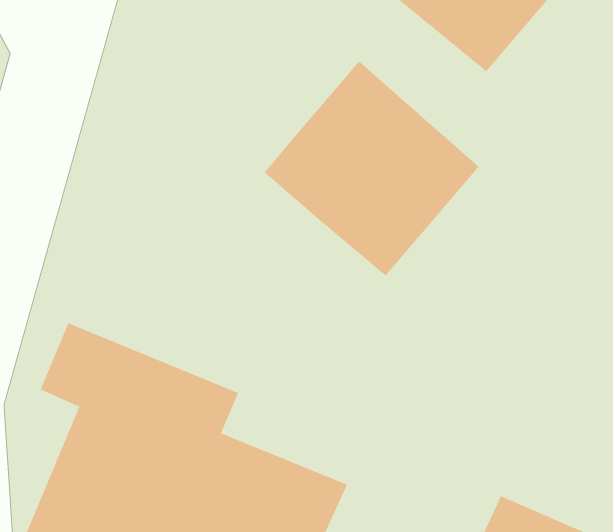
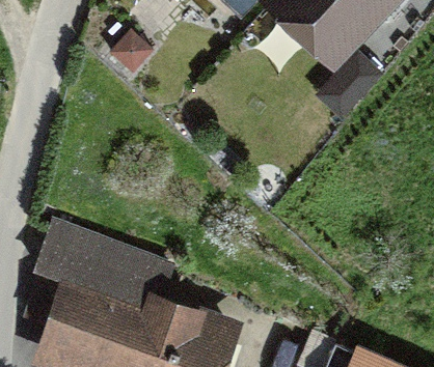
building: [264,61,479,277] -> none

